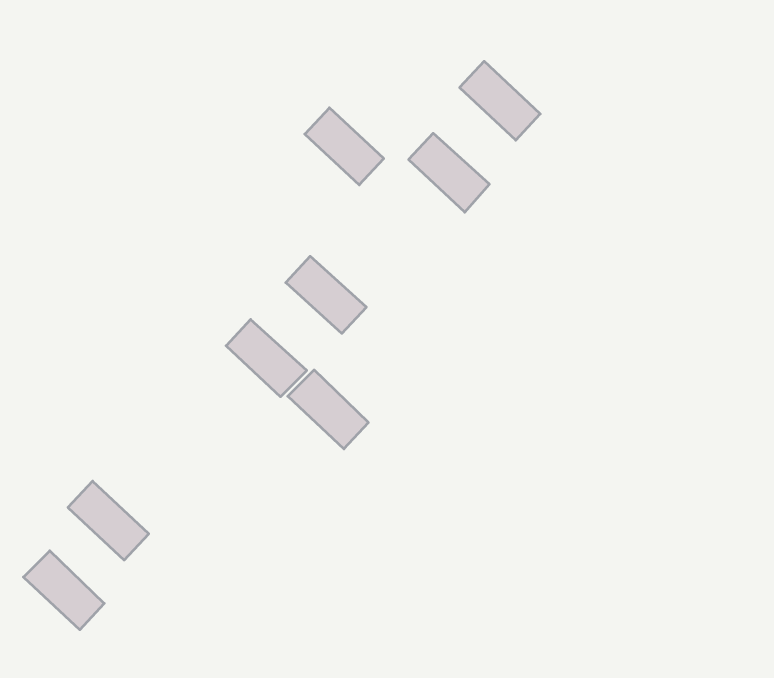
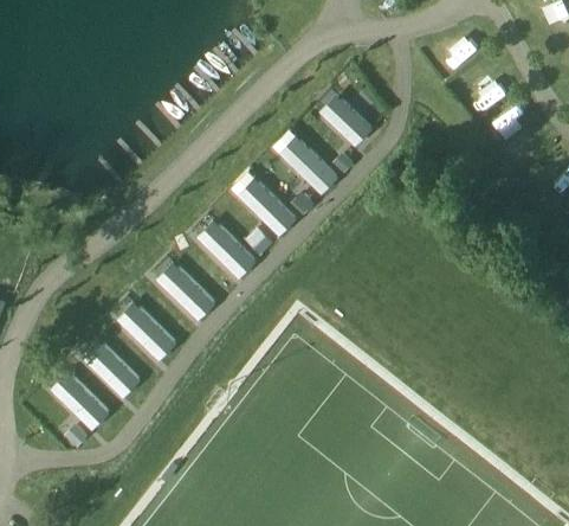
building: [305,108,384,185] -> [243,180,296,232]
building: [288,370,368,449] -> [122,304,176,358]
building: [23,551,104,630] -> [86,342,141,396]

